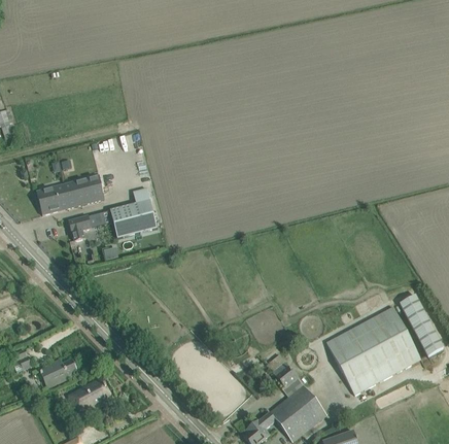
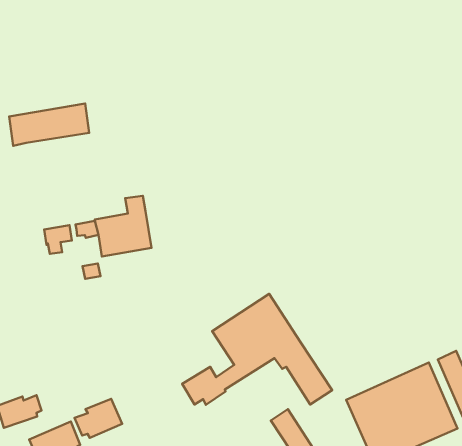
building: [37,175,104,214] -> [9,104,89,146]
building: none -> [182,294,332,405]
building: none -> [75,399,122,438]

